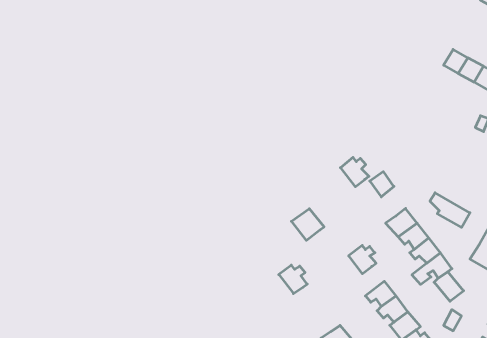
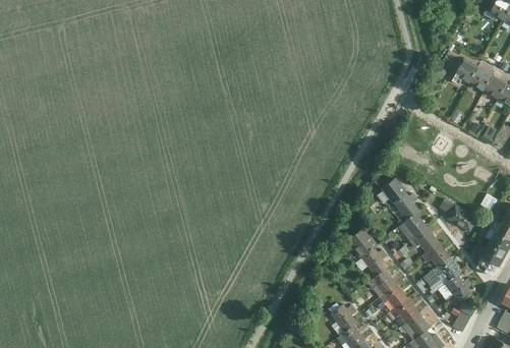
building: [340,157,369,187] -> [394,192,421,221]
building: [291,209,324,240] -> [348,229,380,259]
building: [279,265,307,294] -> [331,305,358,333]
building: none -> [367,270,397,298]

